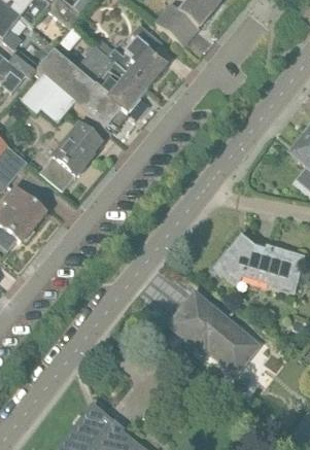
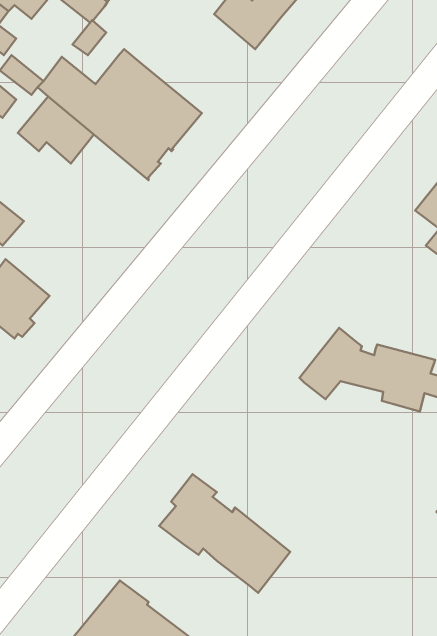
building: [107,23,168,88] -> none
building: [40,126,98,189] -> none
building: [171,292,260,373] -> [159,474,290,593]

